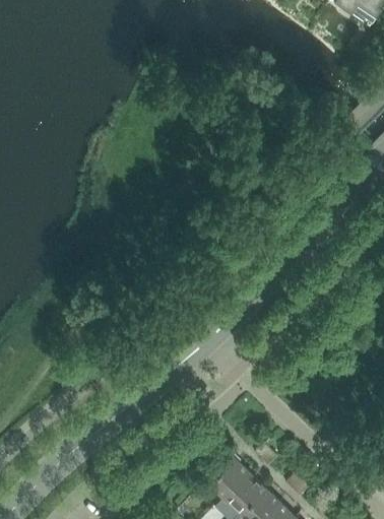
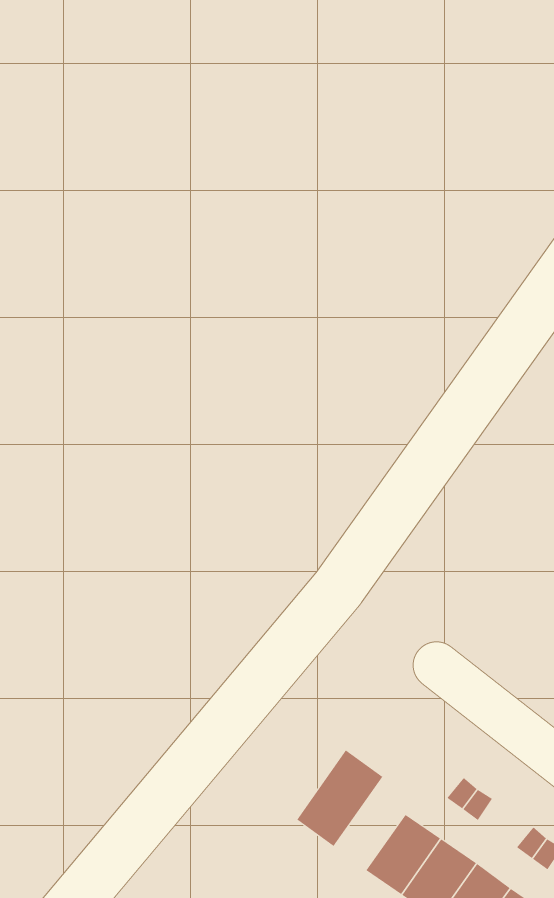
building: none -> [296,750,383,847]

